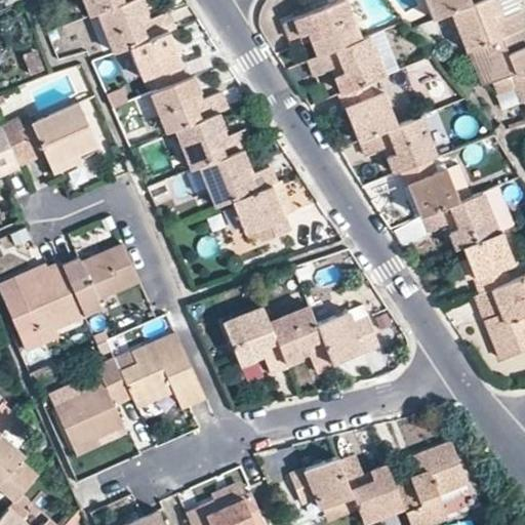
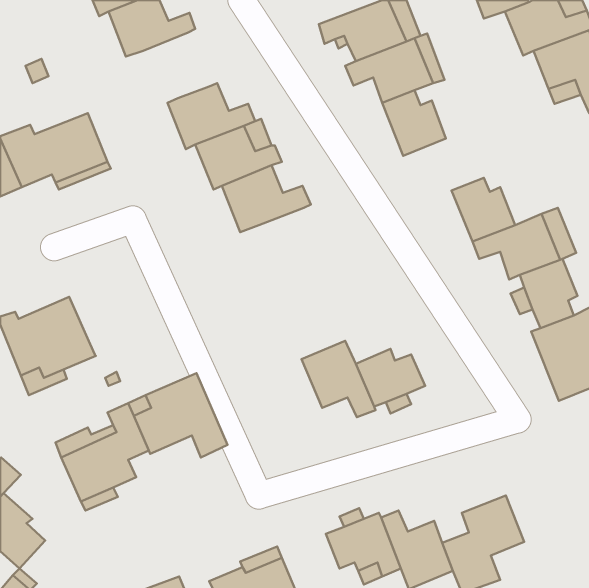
building: [128,31,187,89] -> none
building: [359,116,436,175] -> none
building: [231,187,289,242] -> none
building: [63,243,142,317] -> none
building: [223,307,288,375] -> none

